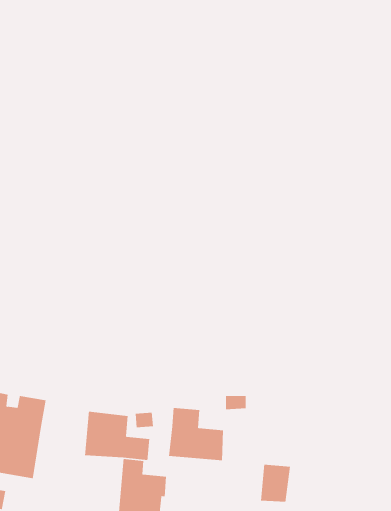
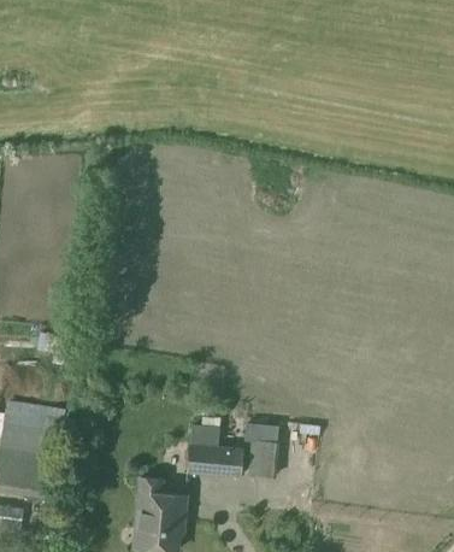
building: [84,411,150,461] -> none
building: [260,464,291,502] -> [248,438,279,476]

